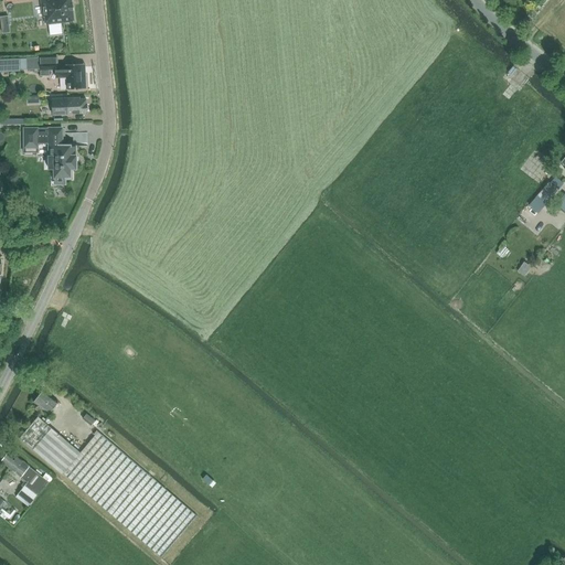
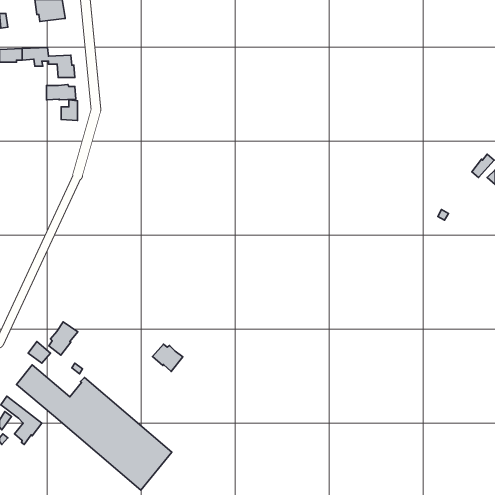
building: [23,127,74,182] -> none
building: none -> [49,322,78,355]
building: none -> [153,344,183,372]

